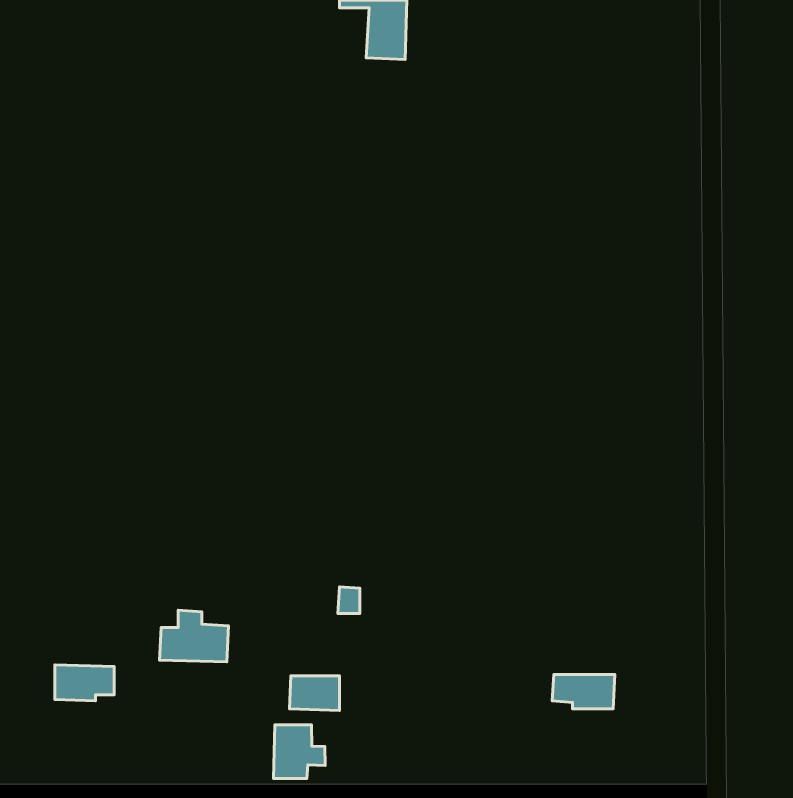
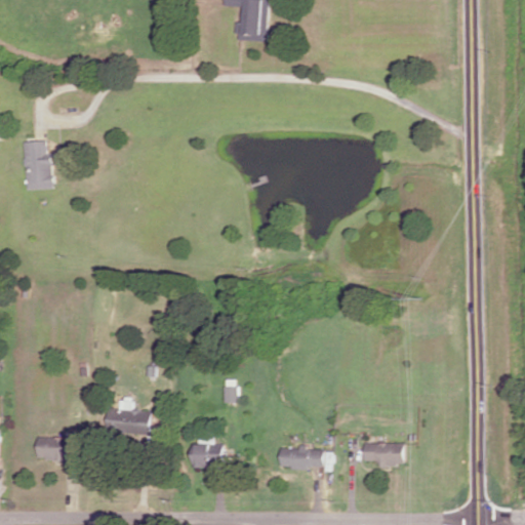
building: none -> [23,140,52,190]
building: none -> [280,447,323,469]
building: [273,725,325,779] -> none

